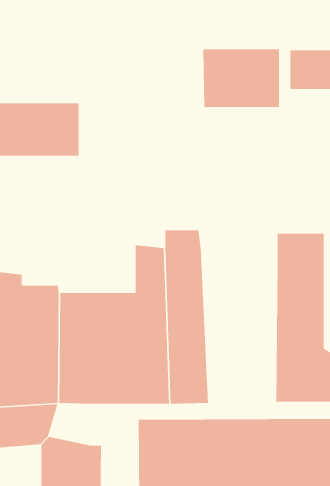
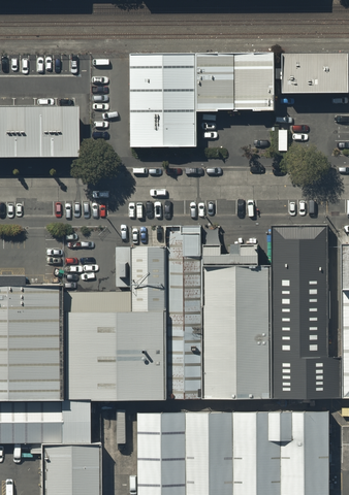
building: none -> [132,55,198,146]
building: none -> [198,242,272,399]
building: none -> [50,399,90,439]

